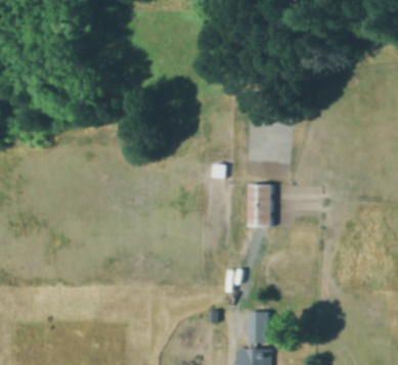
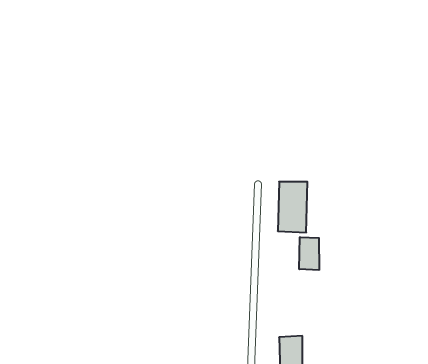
building: none -> [299,237,319,270]

